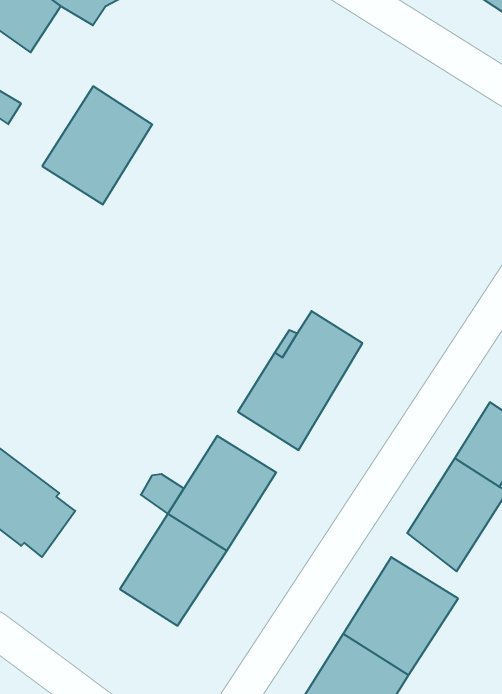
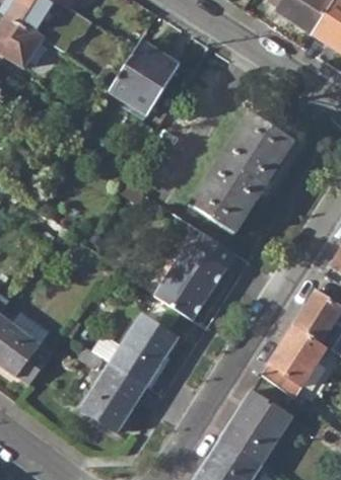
building: [42,86,152,204] -> [109,41,179,115]
building: none -> [191,113,292,232]

